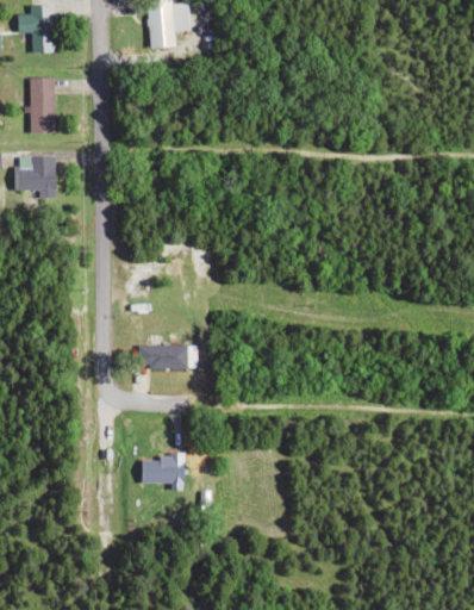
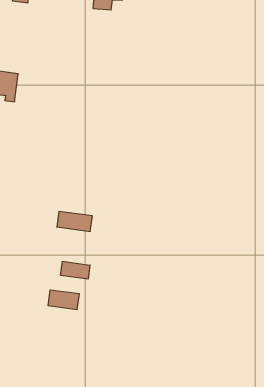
building: [32,77,55,131] -> none
building: none -> [61,261,90,279]

